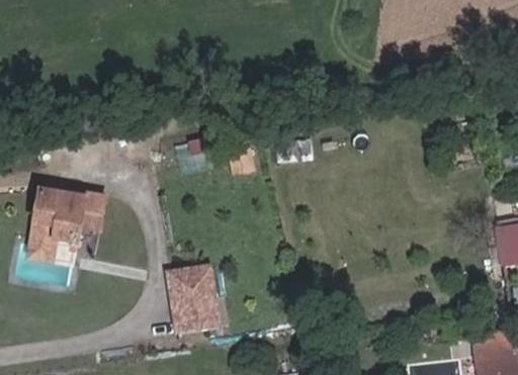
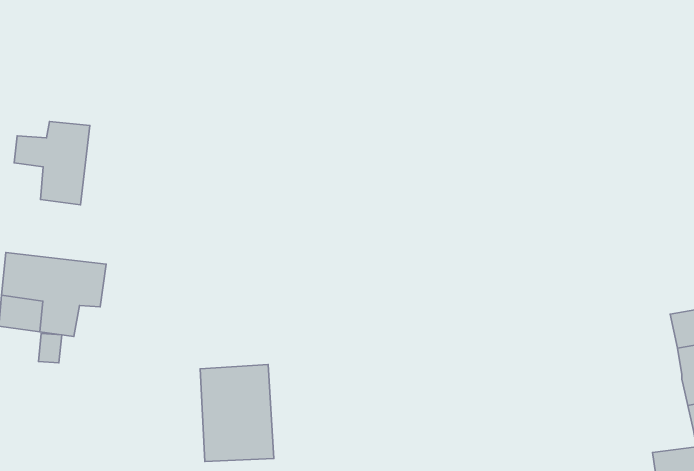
building: none -> [14,122,90,205]

